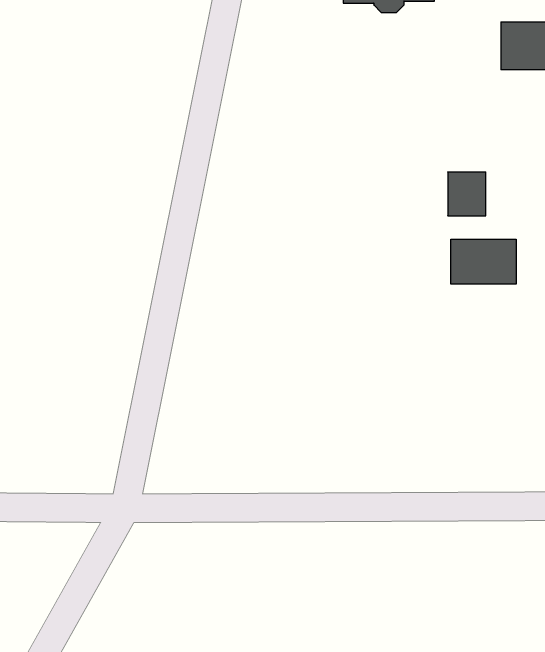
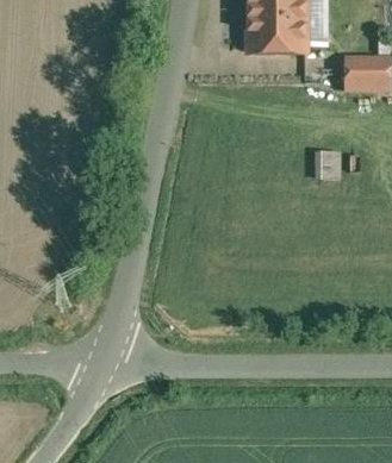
building: [451,239,516,284] -> none

